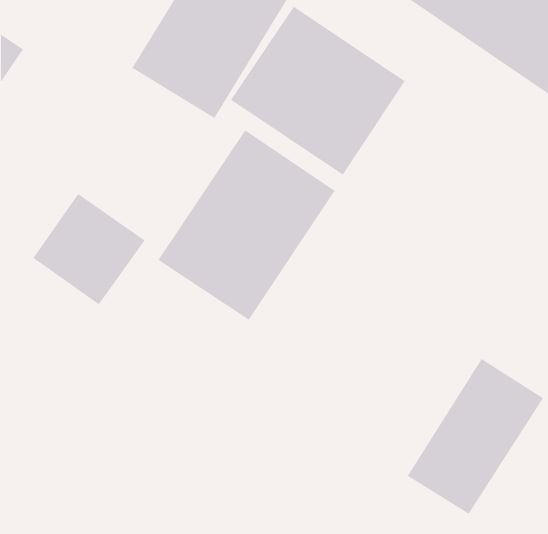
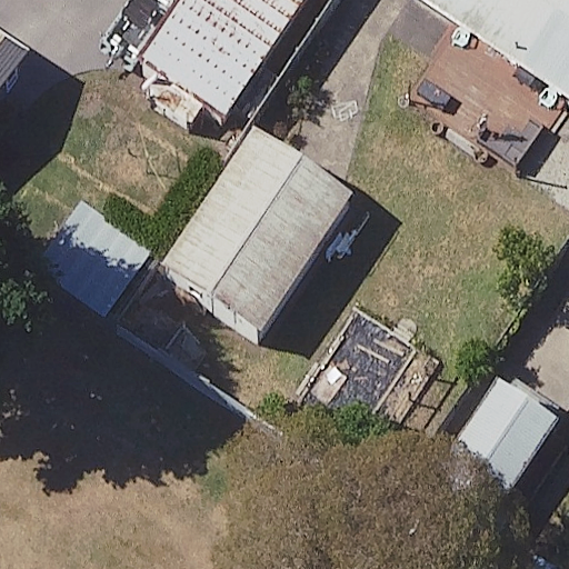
building: [230,6,406,176] -> none

